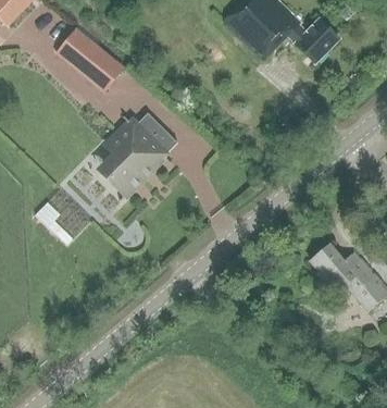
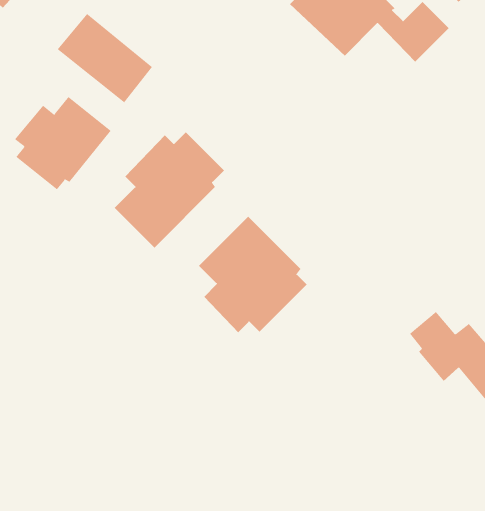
building: none -> [14,96,111,190]
building: none -> [198,216,307,333]

